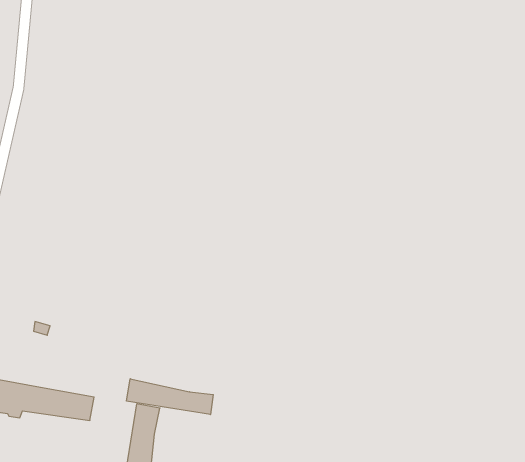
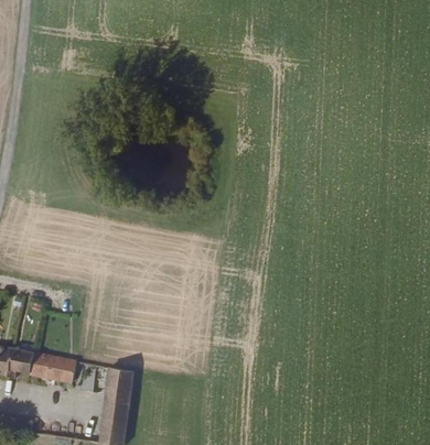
building: [127,379,213,415] -> none

